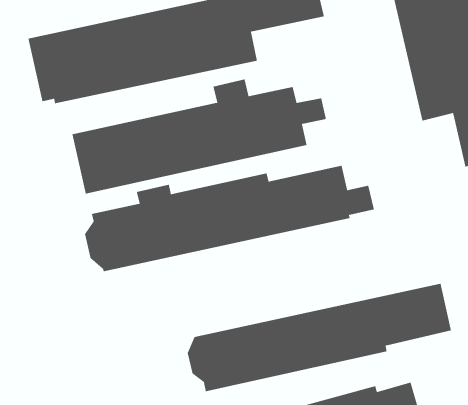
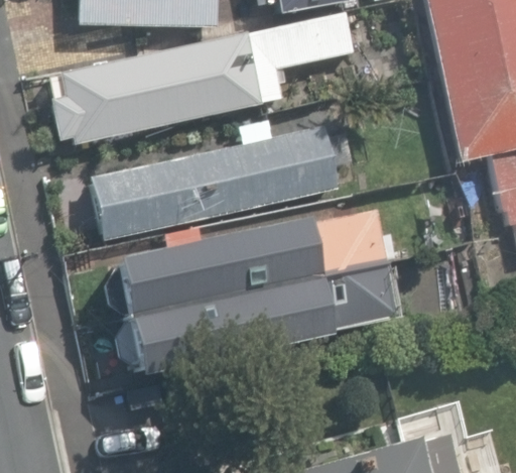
building: [187,283,452,392] -> [120,264,398,379]

